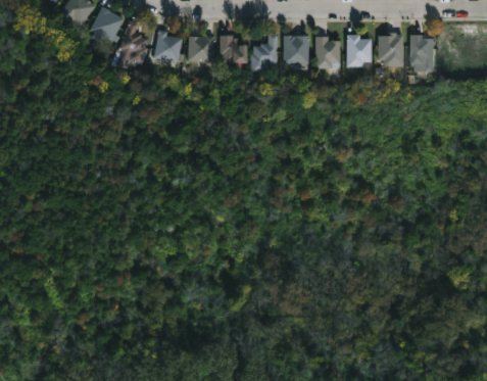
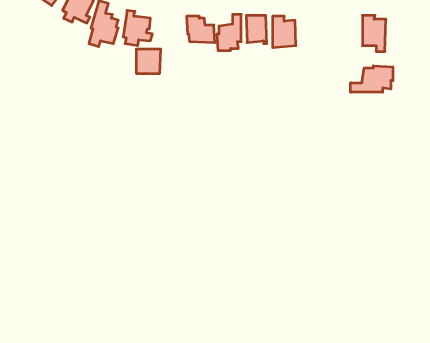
building: [374,34,399,60] -> none
building: [342,35,368,66] -> none
building: [191,36,216,61] -> [136,49,161,73]
building: none -> [351,66,393,92]

